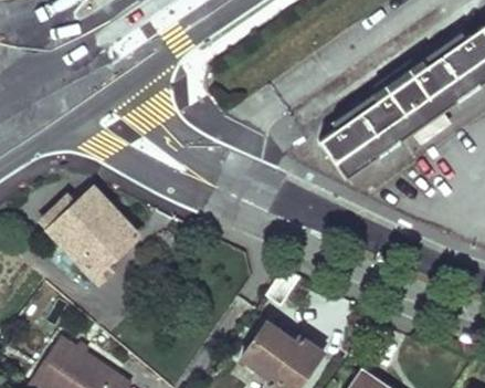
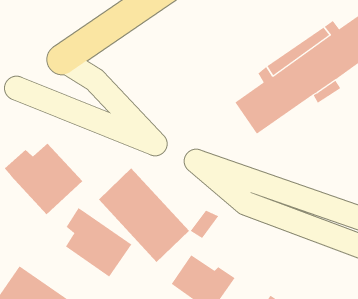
building: none -> [98,168,190,263]
building: none -> [65,207,132,277]

